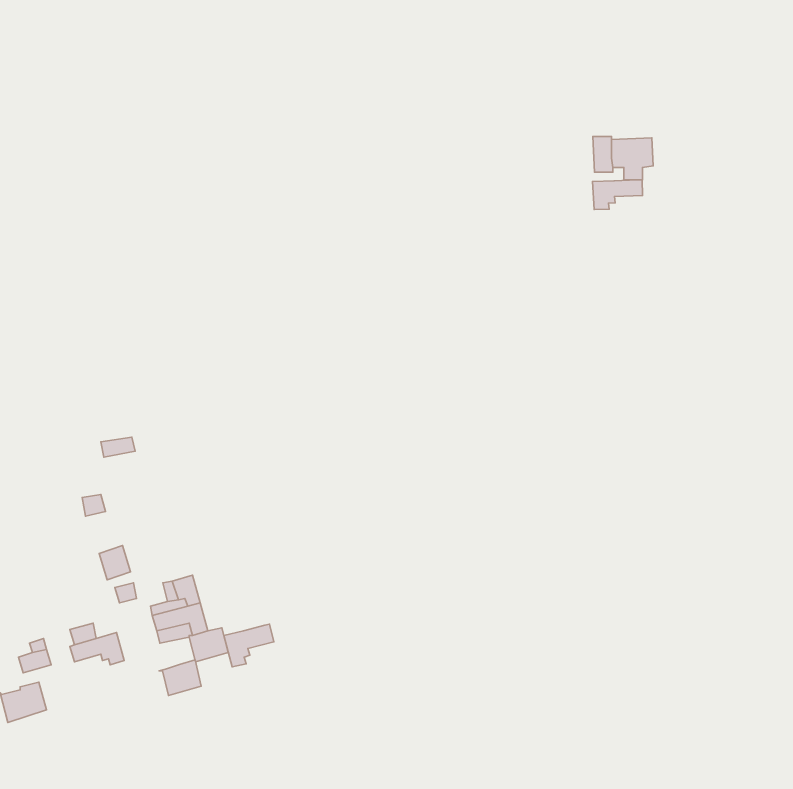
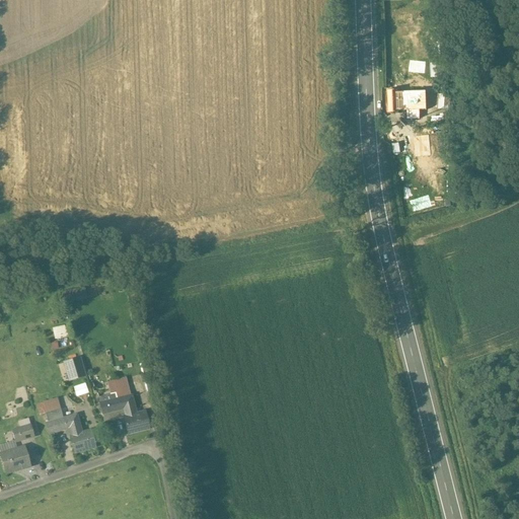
building: [593,180,643,209] -> none
building: [224,624,274,667] -> none
building: [159,660,201,696] -> [68,429,95,452]

